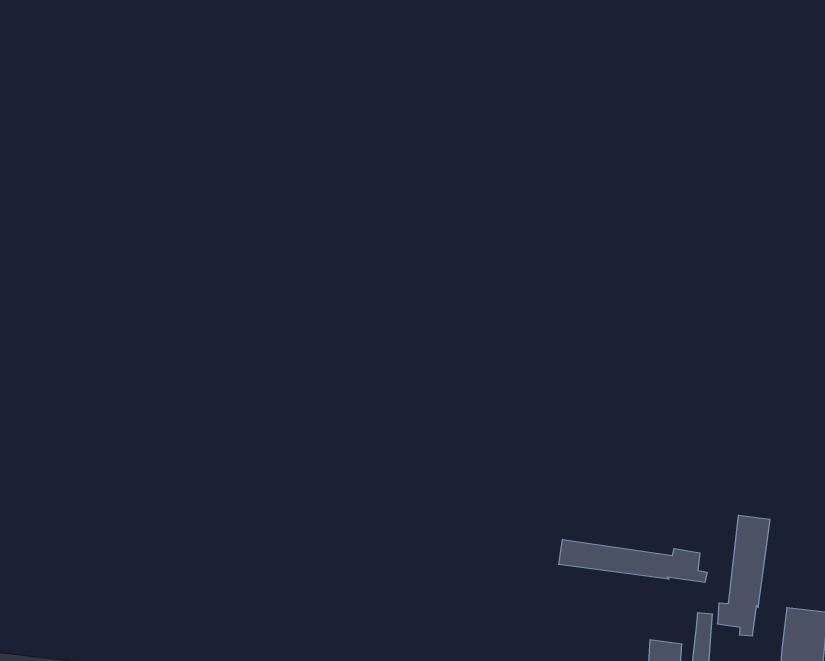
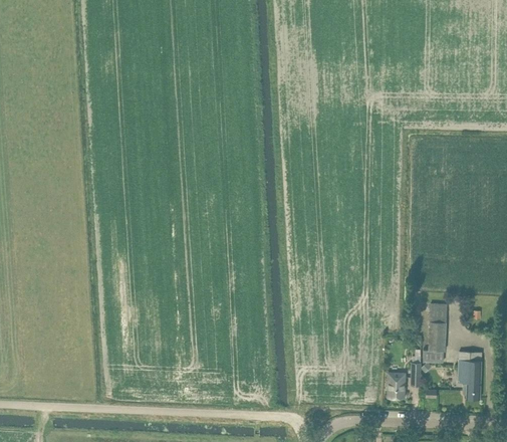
building: [559,539,707,582] -> none

